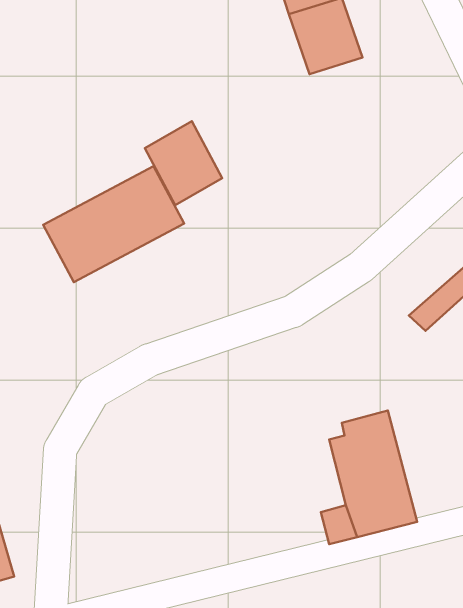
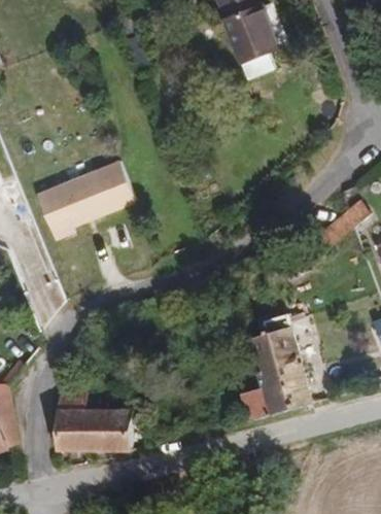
building: [145,121,222,205] -> none
building: none -> [60,392,133,453]

